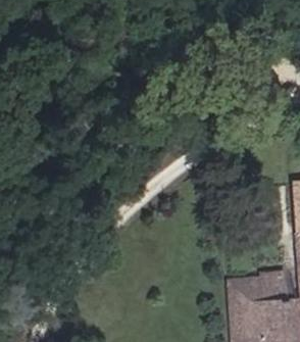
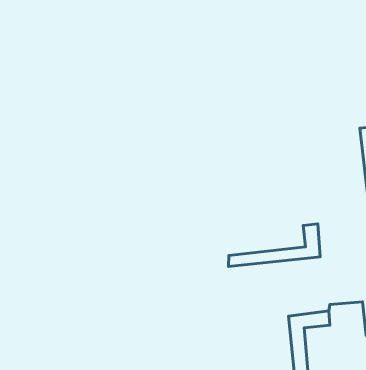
building: none -> [229,224,320,266]

